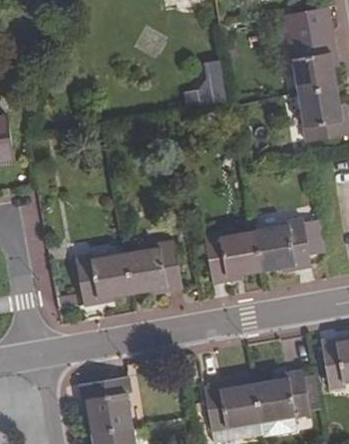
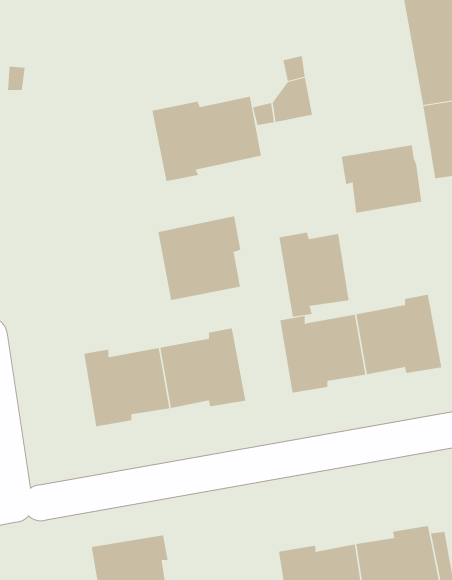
building: none -> [152,96,261,182]
building: none -> [341,144,422,214]
building: none -> [158,215,241,301]
building: none -> [279,232,349,318]

